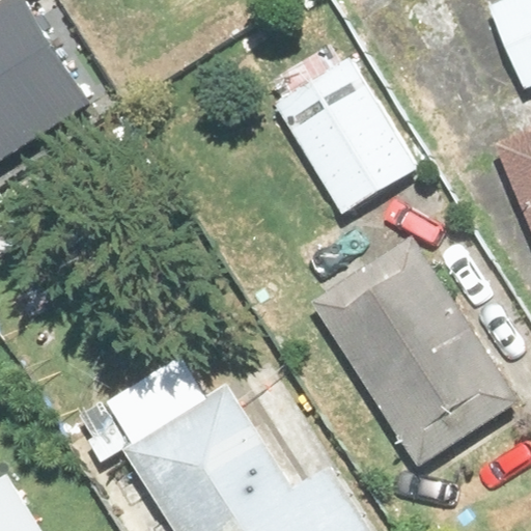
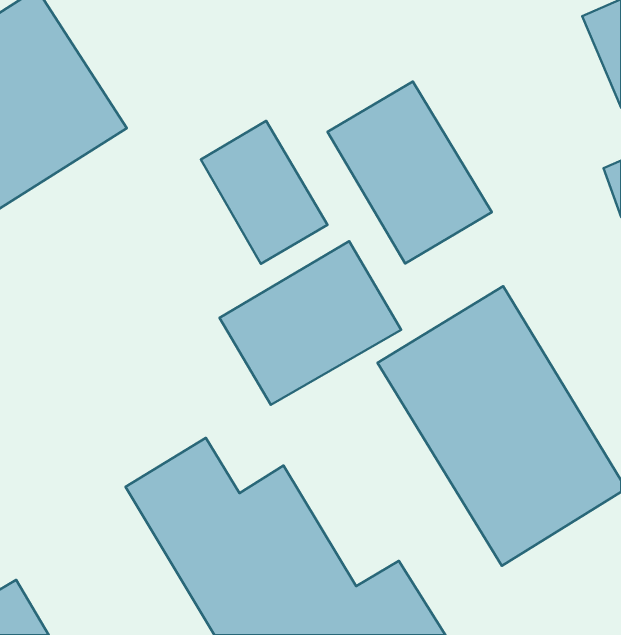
building: none -> [201,121,328,264]
building: none -> [219,241,401,405]

